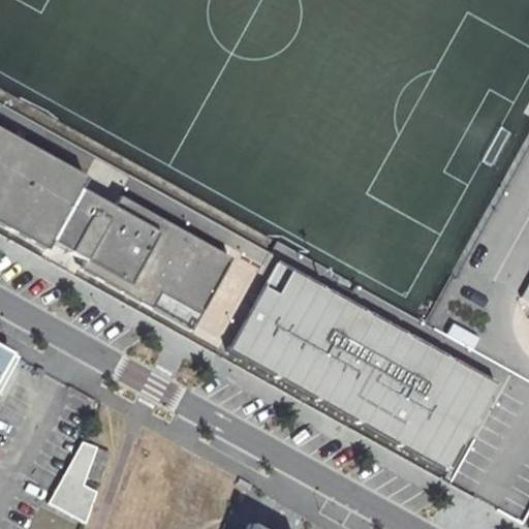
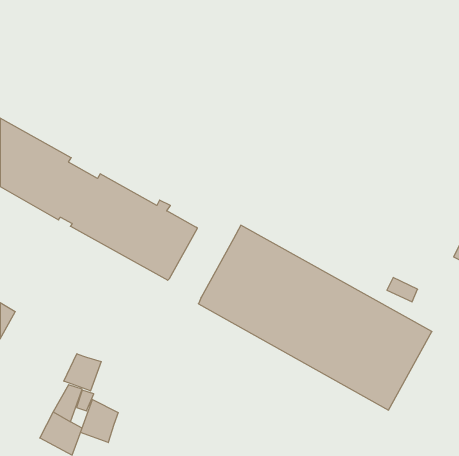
building: none -> [64,354,101,391]
building: none -> [81,399,118,443]

